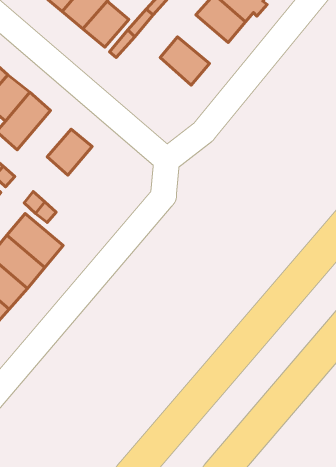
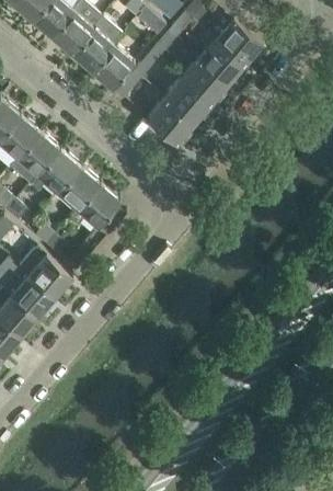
building: none -> [181,57,229,103]
building: none -> [147,98,194,144]
building: none -> [28,148,80,192]
building: none -> [70,182,126,236]

